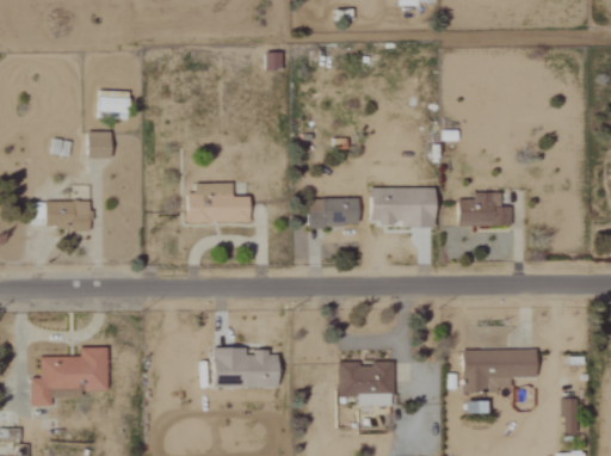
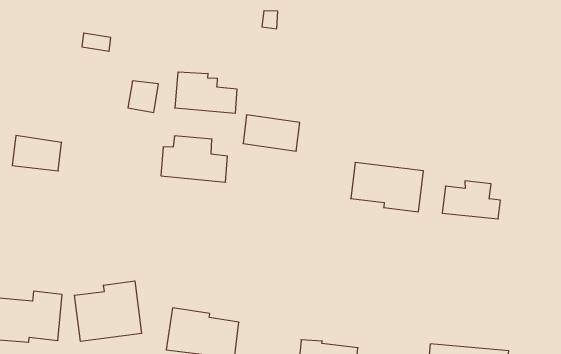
building: none -> [175,72,237,113]
building: [88,131,115,159] -> [128,81,158,112]
building: [309,198,360,227] -> [243,115,300,151]
building: none -> [74,281,142,341]

